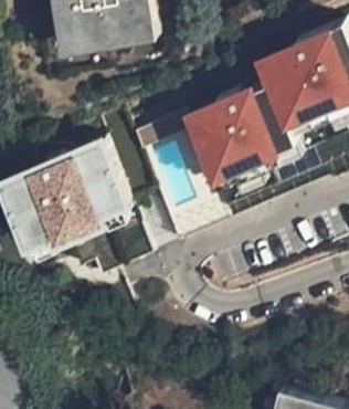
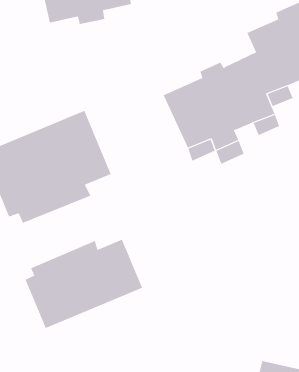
building: none -> [25,239,143,329]

